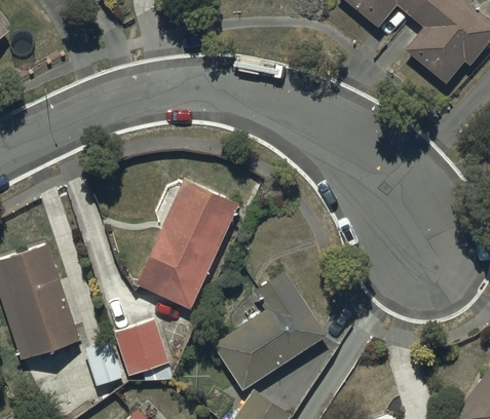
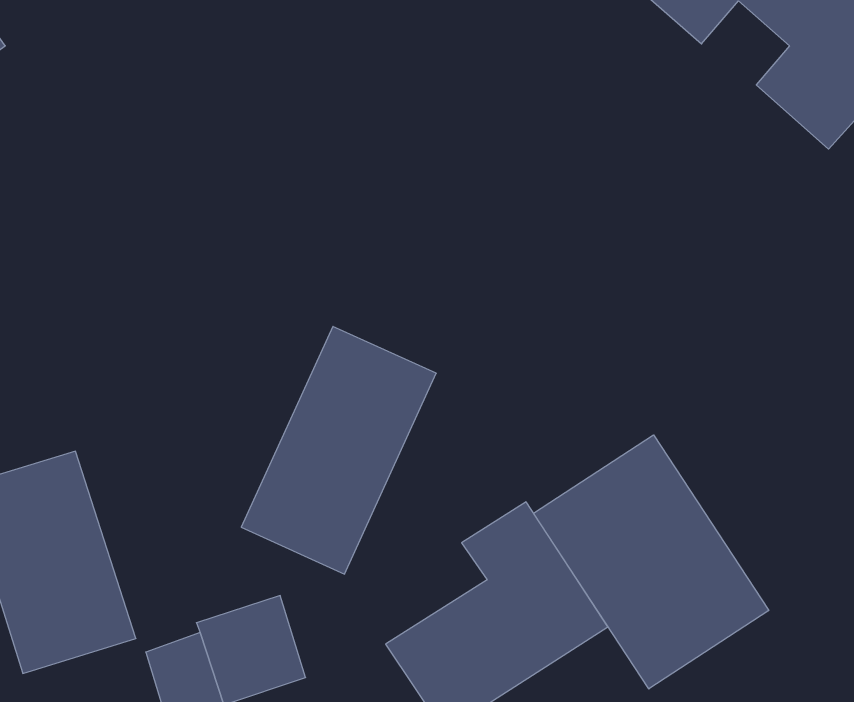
building: none -> [533,435,769,689]

